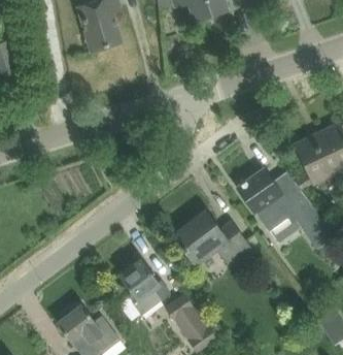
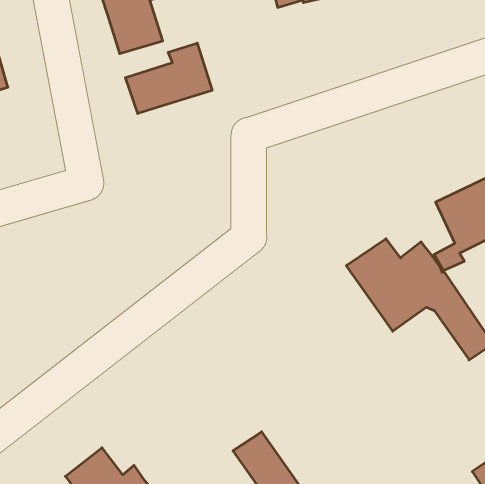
building: none -> [125,43,212,114]
building: [174,211,250,265] -> none
building: [118,260,170,322] -> none

